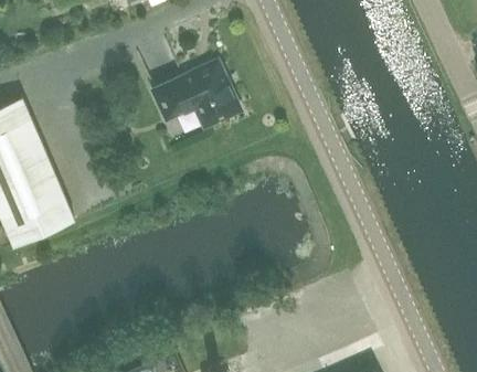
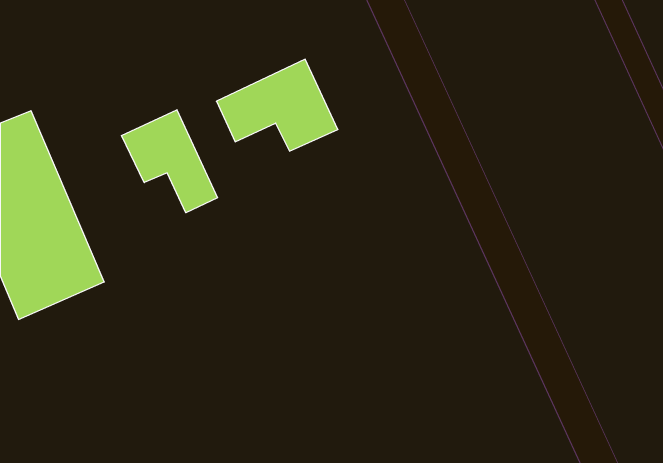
building: none -> [122,110,218,213]

